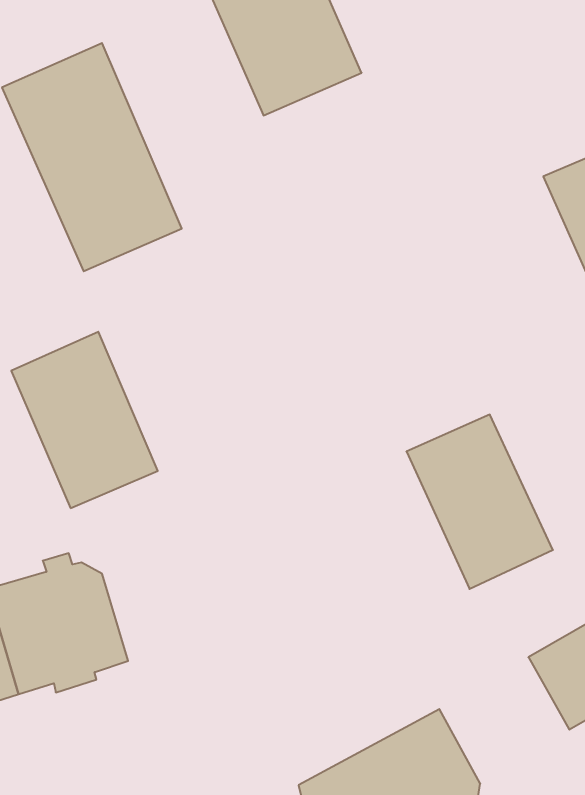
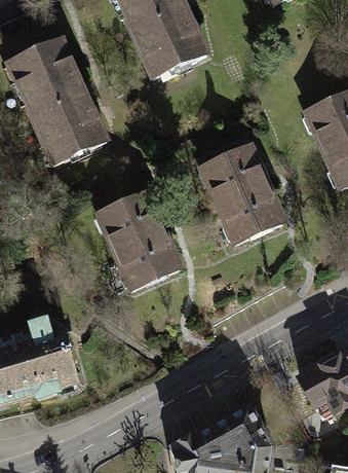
building: [11,332,158,508] -> [99,192,180,290]
building: [406,415,553,589] -> [202,146,283,243]

